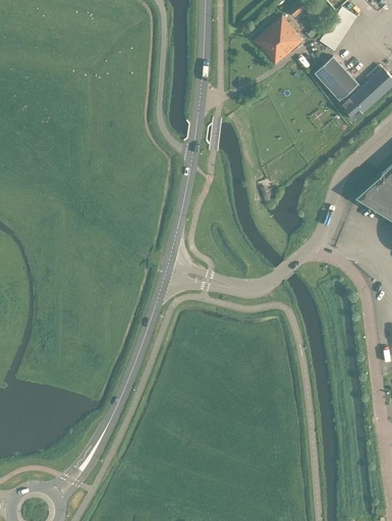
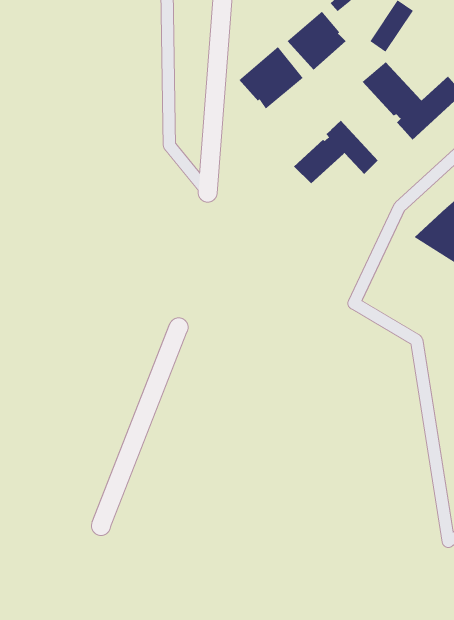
building: none -> [238,46,304,109]
building: none -> [293,120,379,184]

